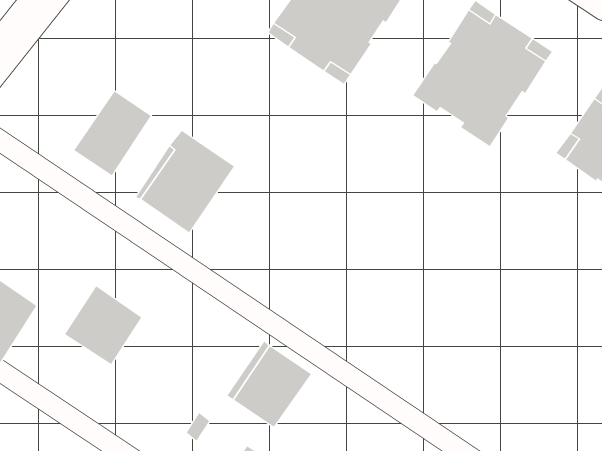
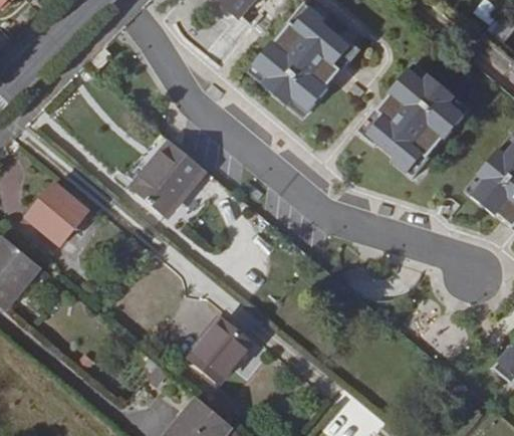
building: [74,91,151,176] -> none
building: [64,285,142,365] -> [26,183,89,247]

